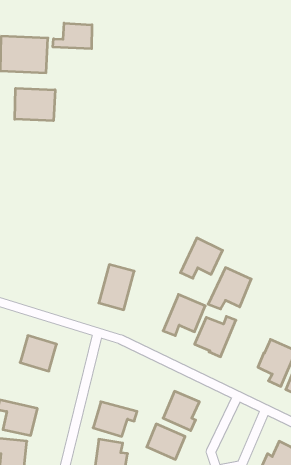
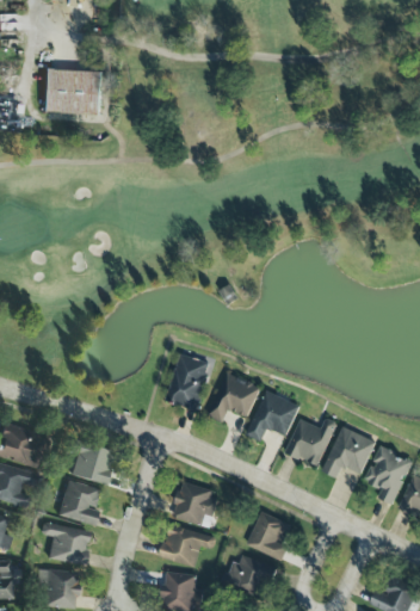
building: [53,23,92,49] -> none
building: [15,88,55,121] -> none
building: [180,238,223,278] -> [209,372,261,422]
building: [208,268,251,309] -> [322,426,376,477]
building: none -> [60,482,99,525]
building: none -> [173,482,220,526]

